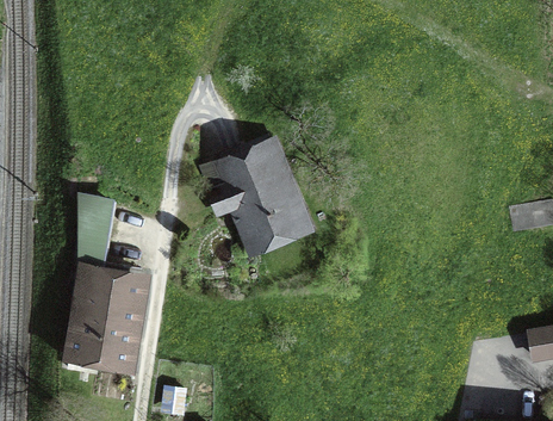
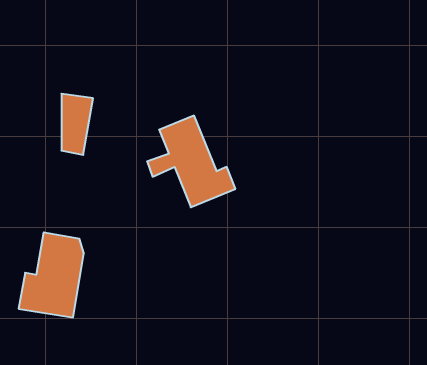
building: [80,198,114,265] -> [61,94,93,155]

